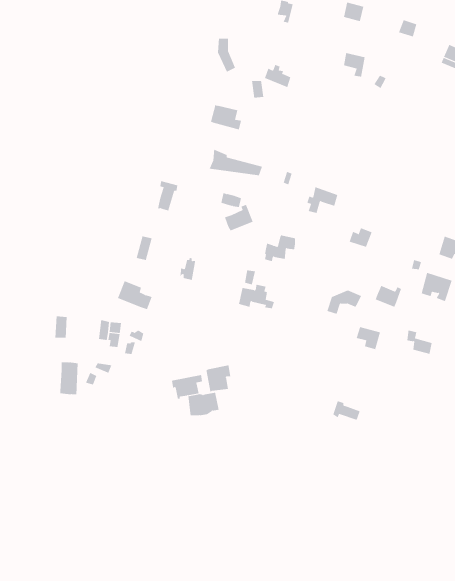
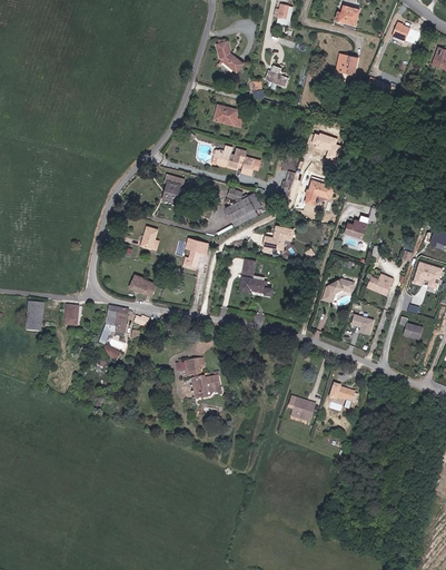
building: none -> [310,132,340,161]
building: [60,362,78,395] -> [23,303,41,334]
building: [206,365,231,393] -> none
building: none -> [290,396,317,424]

